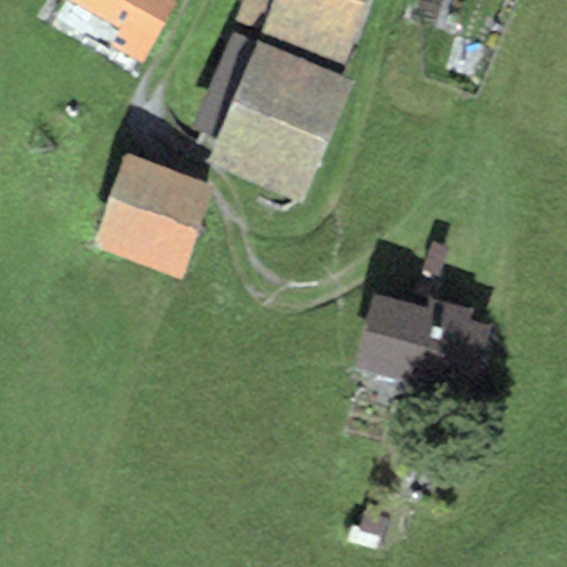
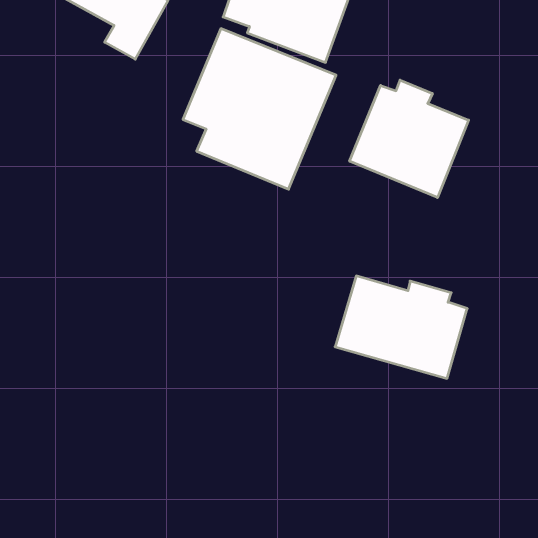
building: none -> [350,80,469,198]
building: [92,151,216,277] -> none

